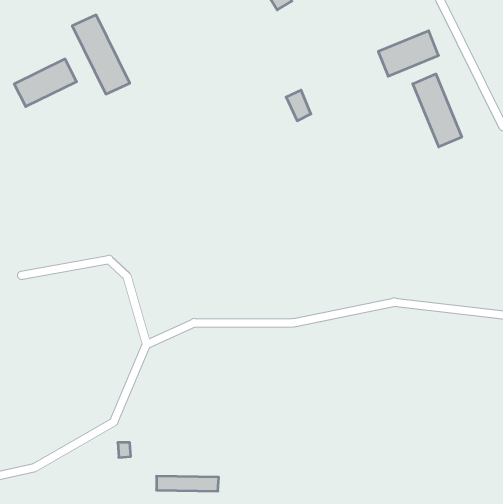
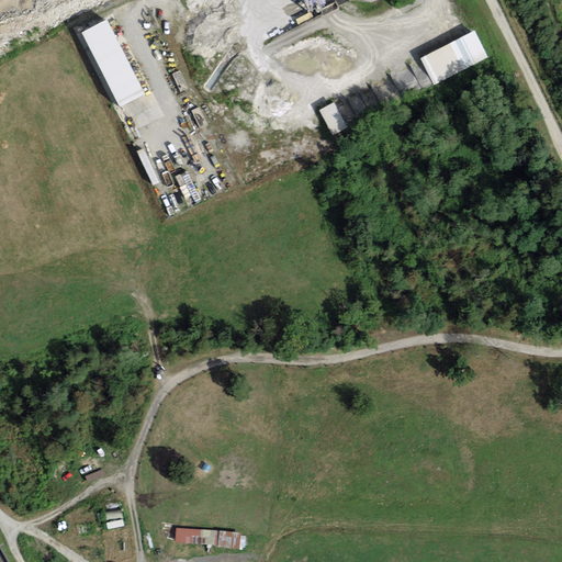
building: [14,59,77,107] -> none
building: [413,74,462,147] -> none

